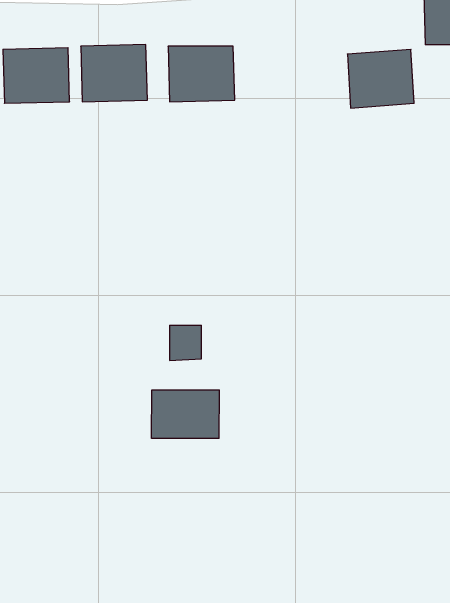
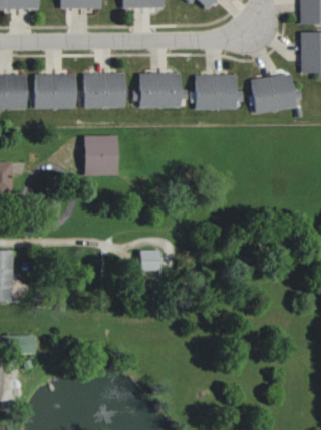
building: none -> [195,74,236,110]
building: none -> [83,135,117,175]
building: [152,390,219,438] -> none

